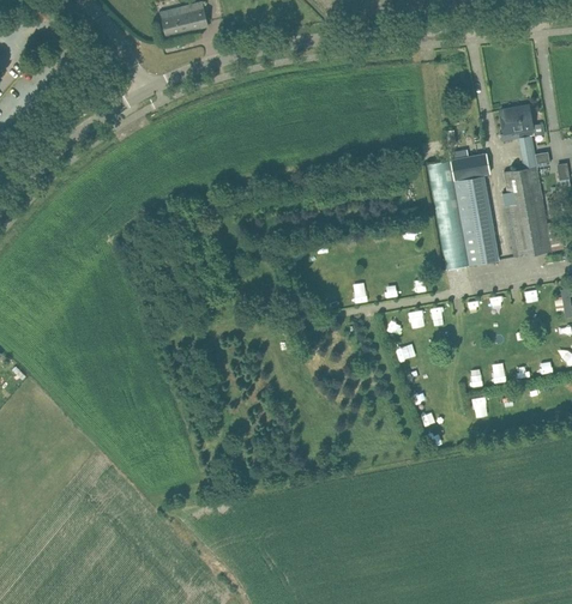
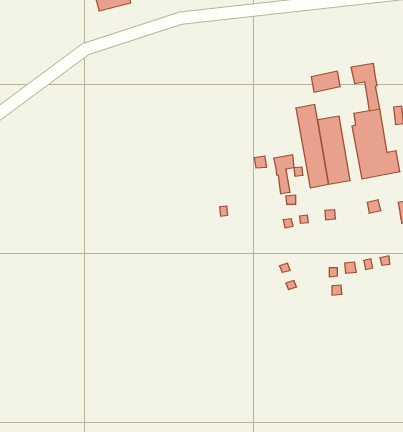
building: [452,152,490,180] -> [311,71,340,92]
building: none -> [274,155,294,194]

